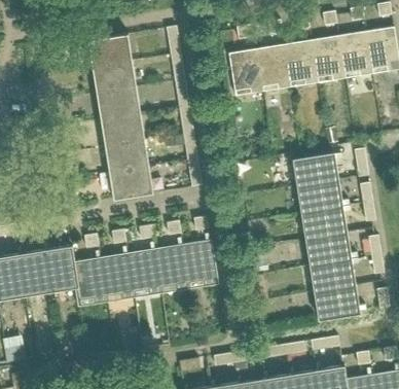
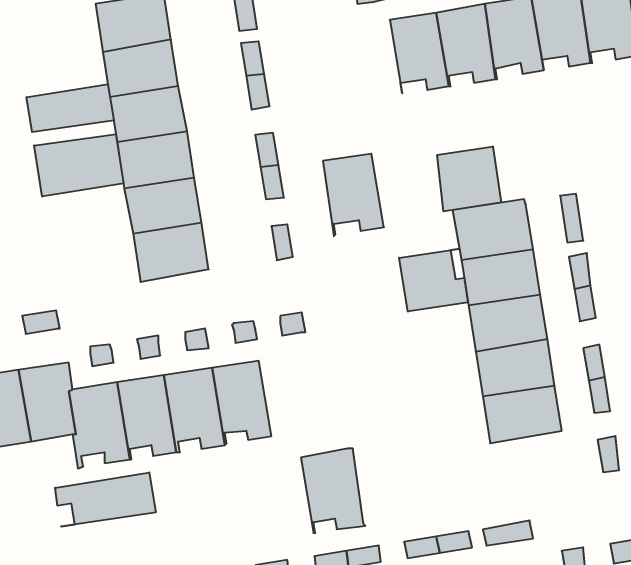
building: [228,49,263,97] -> [323,154,384,236]
building: none -> [27,84,114,132]
building: none -> [34,134,123,197]
building: none -> [437,146,501,211]
building: none -> [399,249,468,312]
building: [181,240,218,288] -> [301,449,365,533]
building: [314,285,359,320] -> none
building: none -> [55,472,156,526]

